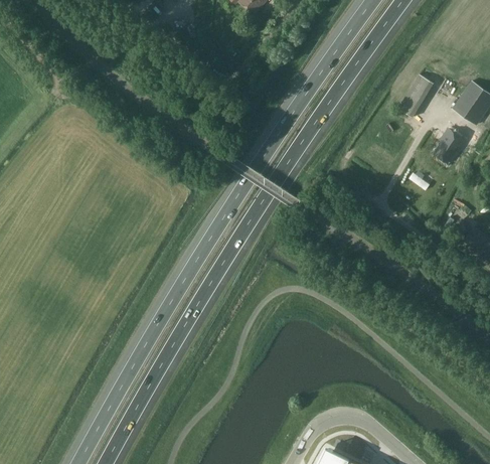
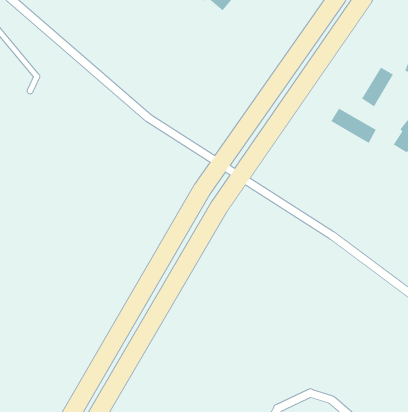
building: none -> [330,108,377,144]

